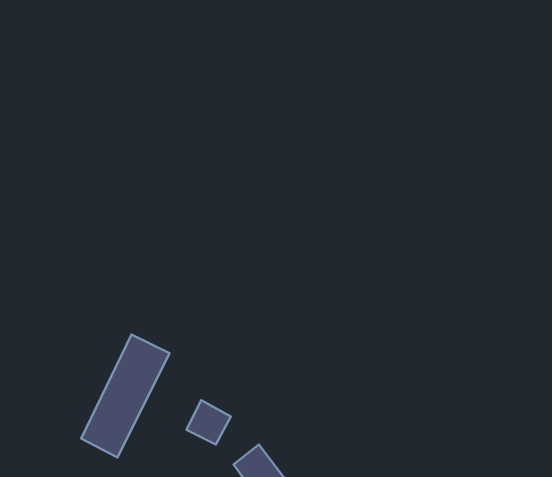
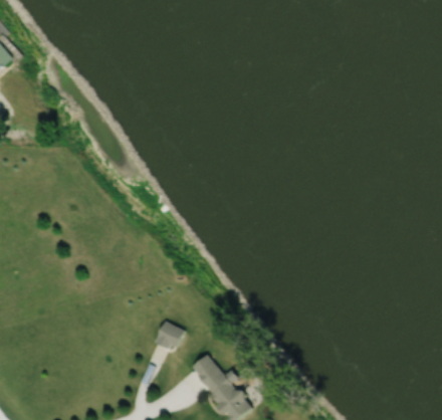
building: [81,335,170,458] -> none

